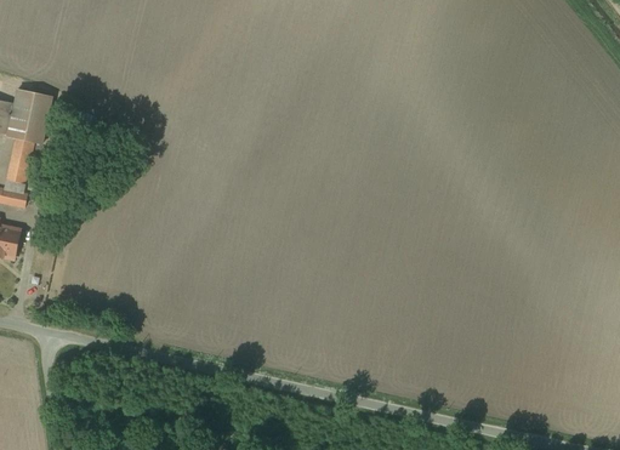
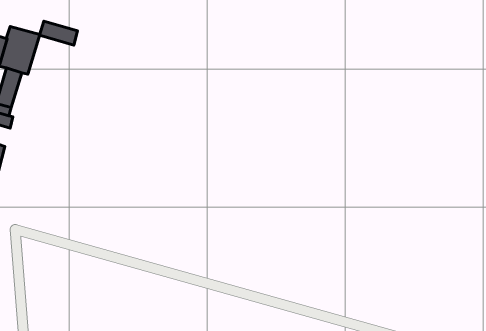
building: none -> [39,21,77,45]

